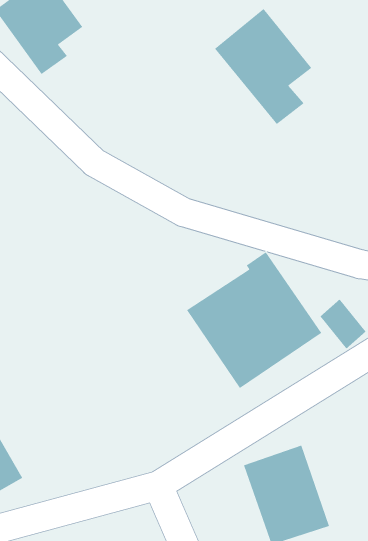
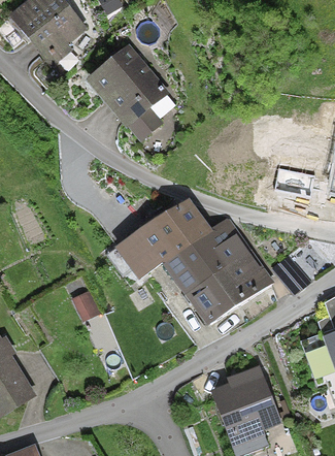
building: [214,8,312,125] -> [88,48,167,143]
building: none -> [115,193,215,276]

